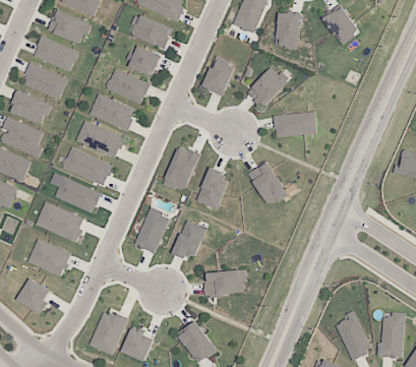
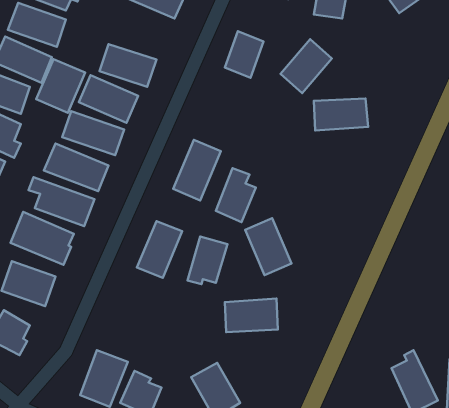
building: [129,46,161,76] -> none
building: none -> [36,59,85,113]
building: [249,162,286,206] -> [245,218,292,275]

